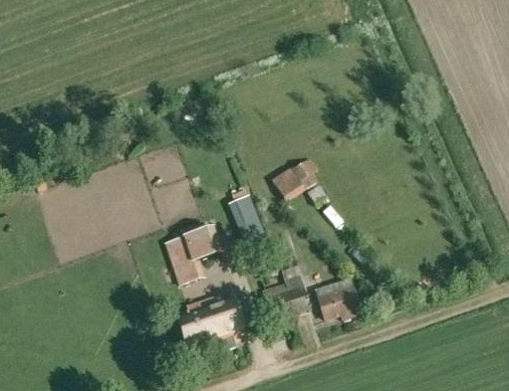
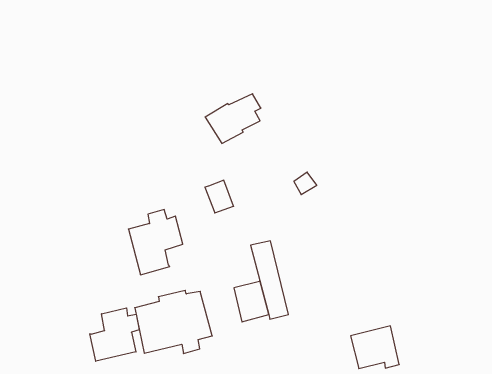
building: [271,157,319,202] -> [205,94,261,143]
building: [316,279,360,319] -> [351,326,399,369]
building: none -> [90,308,139,361]

